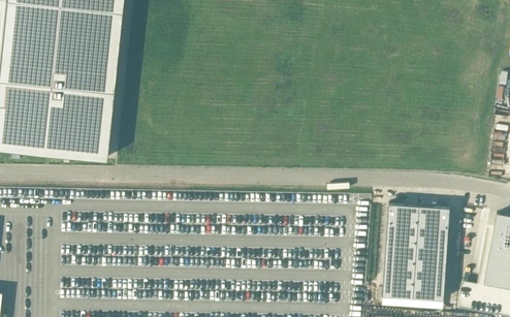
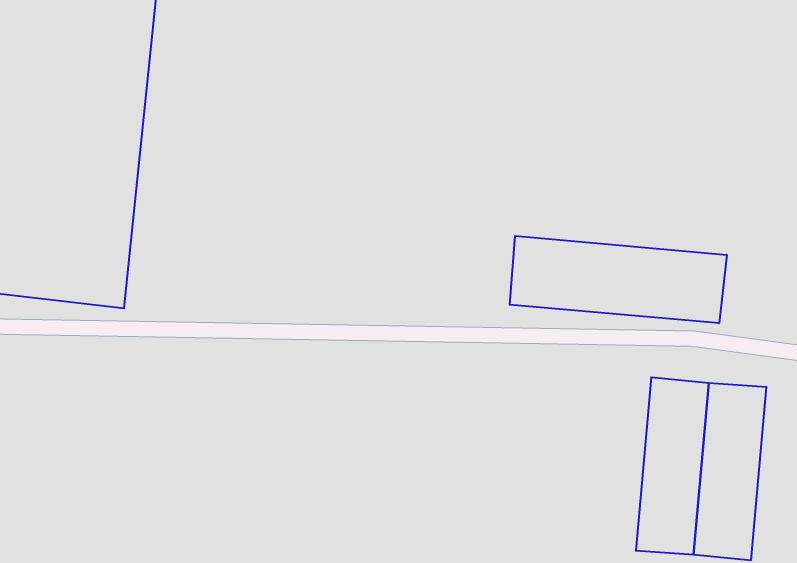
building: none -> [510,236,727,323]

